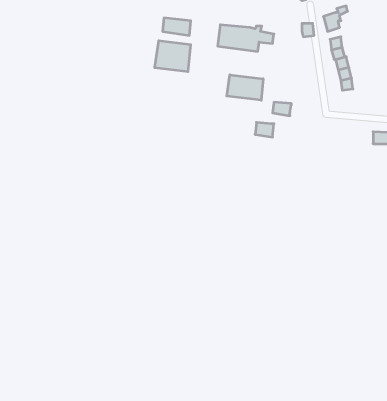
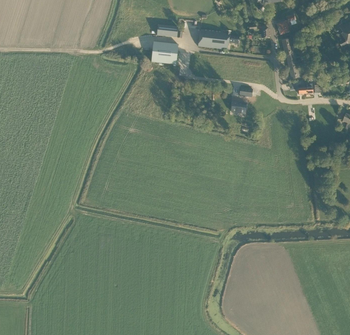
building: [227,75,263,100] -> none

